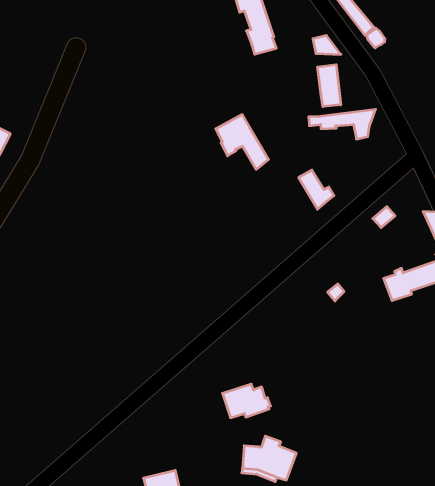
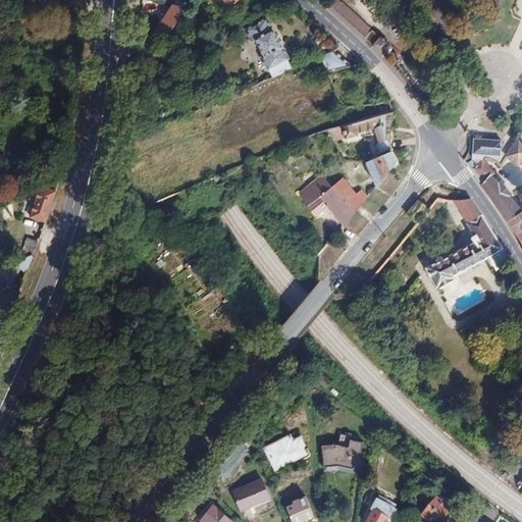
building: [318,65,341,107] -> none
building: [216,115,269,169] -> [299,175,353,224]
building: none -> [365,150,396,186]
building: [222,384,271,418] -> [263,434,310,469]

